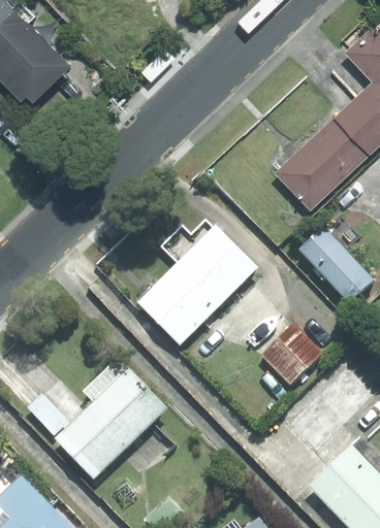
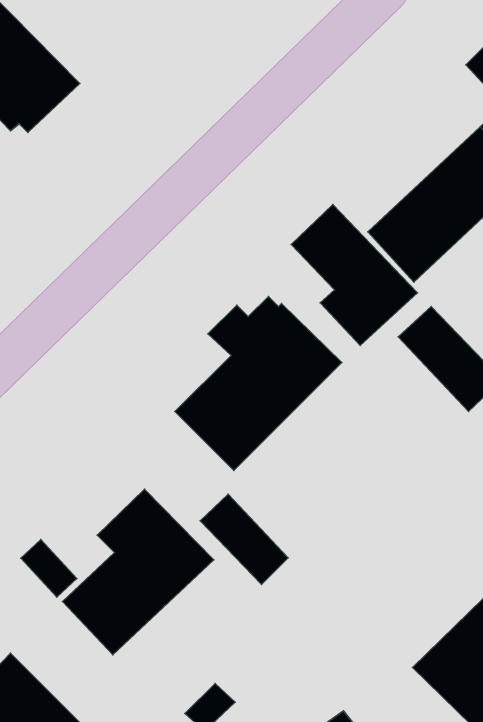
building: none -> [291,205,417,345]
building: [261,323,322,384] -> none
building: none -> [200,494,288,585]

